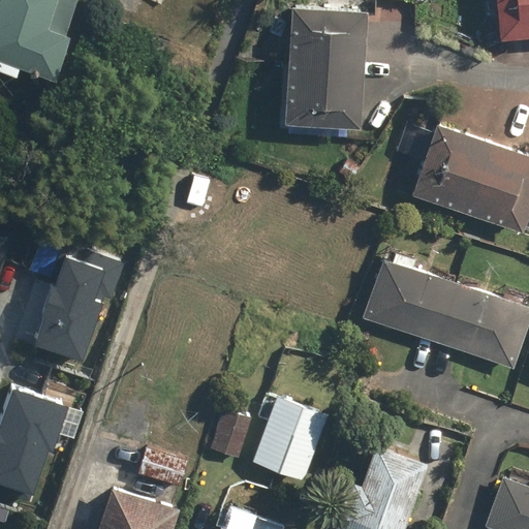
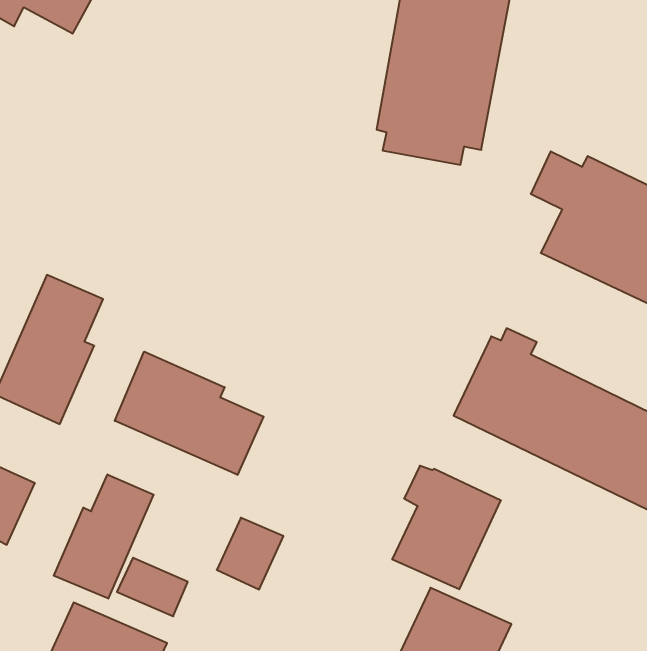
building: none -> [115,352,264,475]
building: none -> [54,474,154,599]
building: [255,395,328,479] -> [392,466,501,589]

